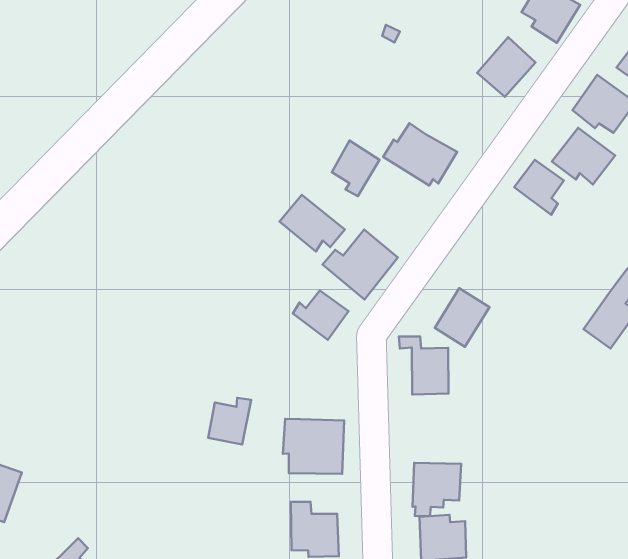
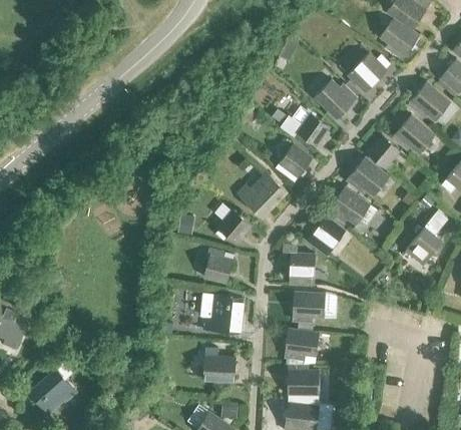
building: none -> [316,79,357,118]
building: [332,141,380,196] -> [280,143,312,180]
building: [279,195,345,251] -> none
building: none -> [347,157,389,195]
building: none -> [328,187,370,225]
building: [208,398,251,444] -> [204,253,235,284]
building: none -> [293,292,325,329]

